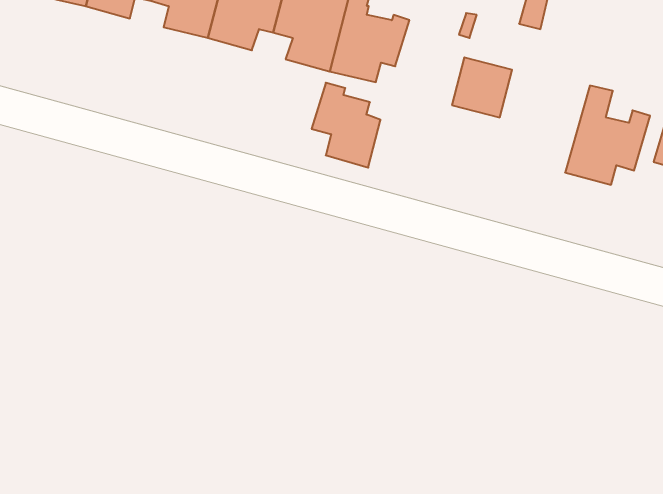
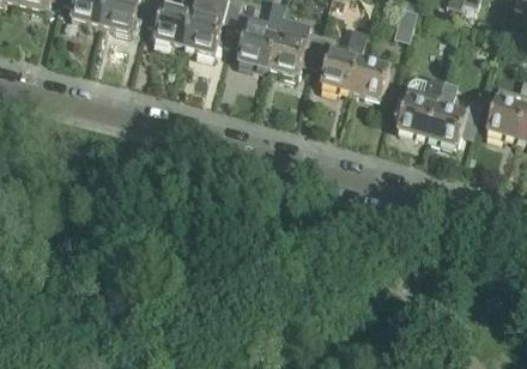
building: none -> [396,72,442,135]
building: [312,83,381,168] -> [310,32,357,90]

